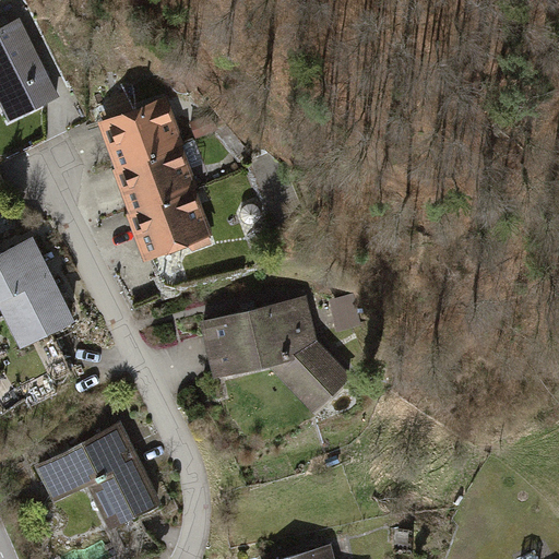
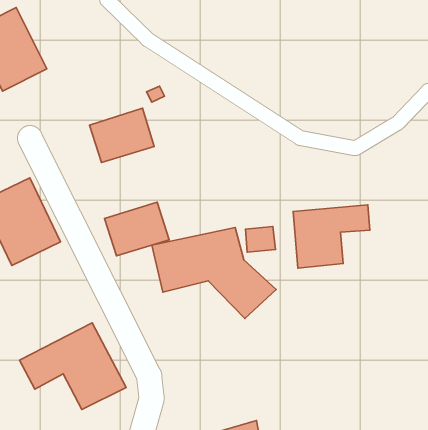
building: [99,97,182,167] -> none
building: [130,194,213,263] -> [104,202,169,256]
building: none -> [293,205,370,268]

